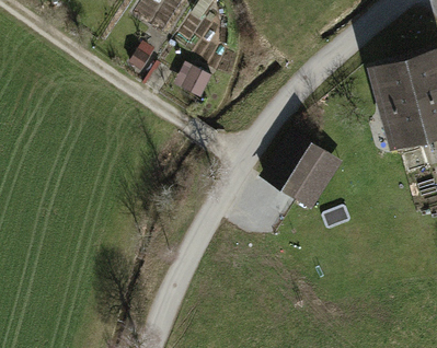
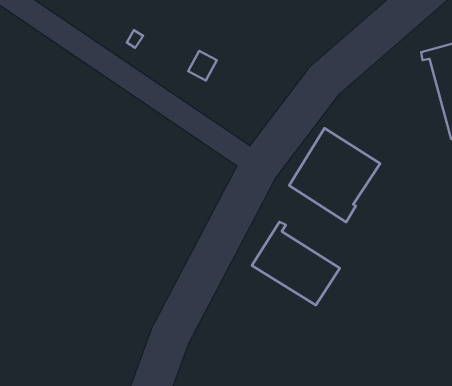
building: none -> [252,222,340,305]

